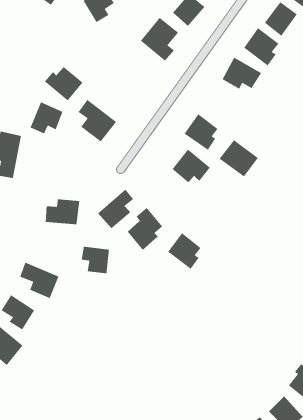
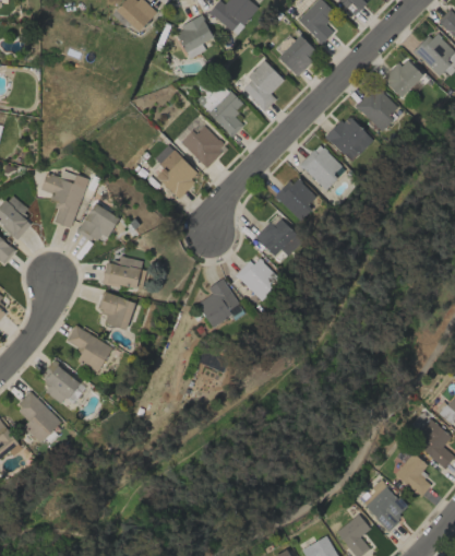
building: none -> [207,91,243,137]
building: [44,66,83,101] -> [180,126,226,167]
building: [29,101,63,135] -> [77,202,119,241]
building: [218,139,259,178] -> [299,144,346,190]
building: [97,189,134,229] -> none
building: [167,232,202,270] -> [237,256,277,300]
building: [81,246,110,274] -> [99,293,134,329]

